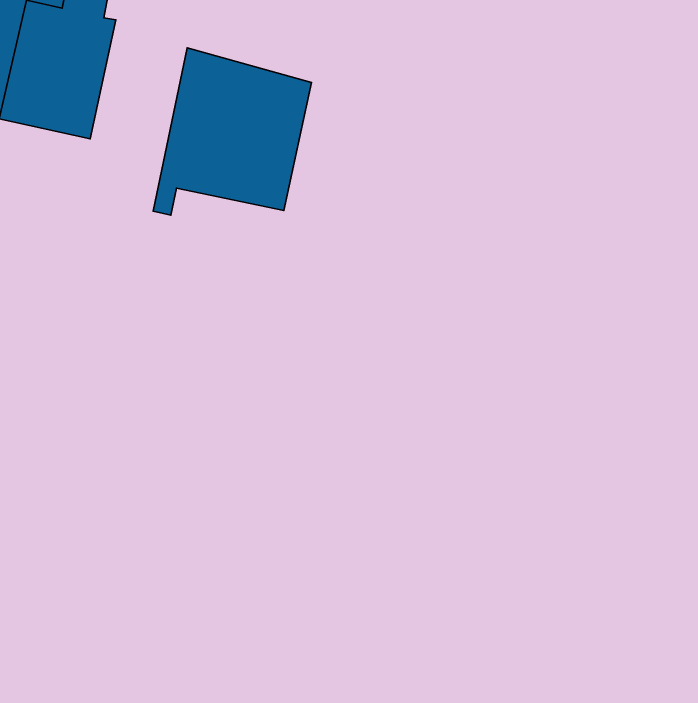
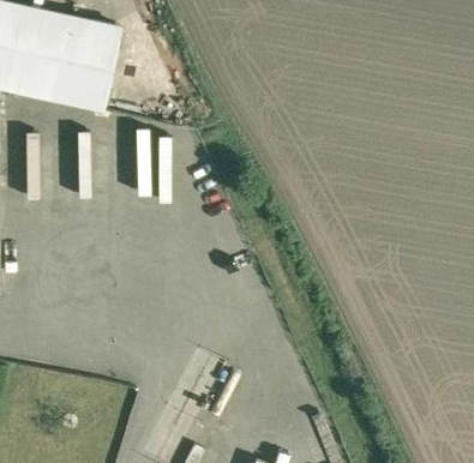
building: [153,48,312,215] -> none

